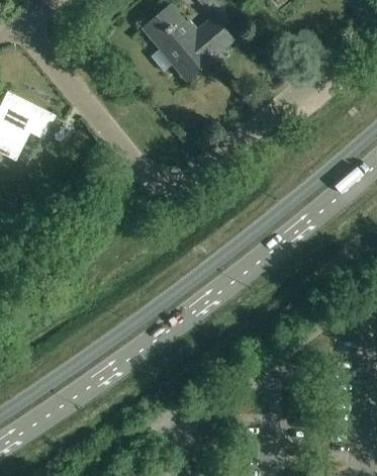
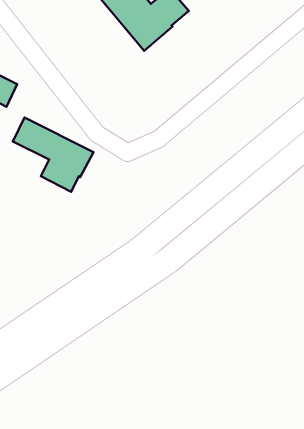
building: none -> [13,117,94,192]

